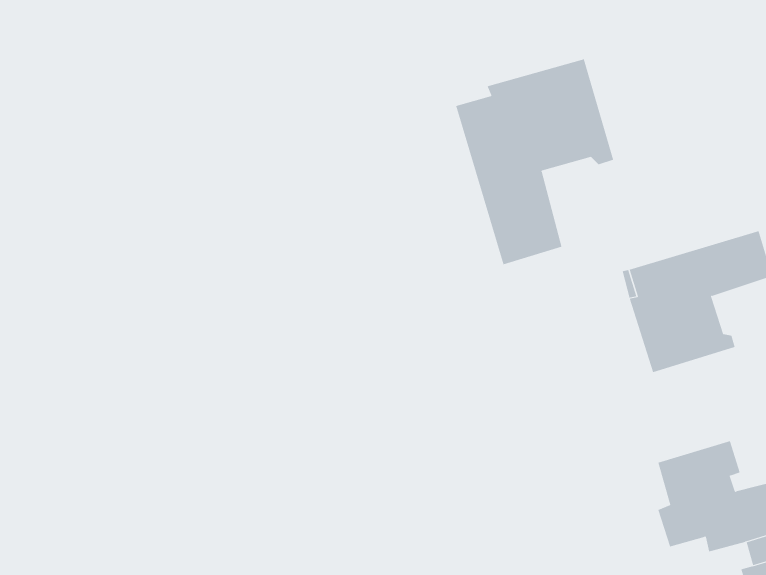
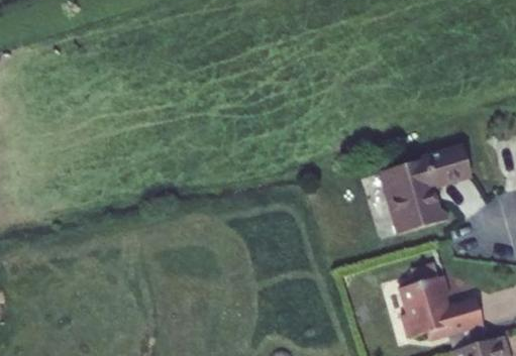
building: [455,58,614,265] -> none

